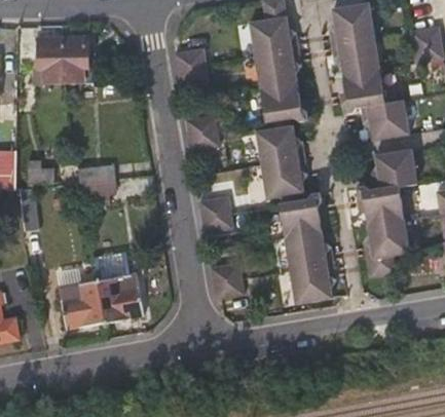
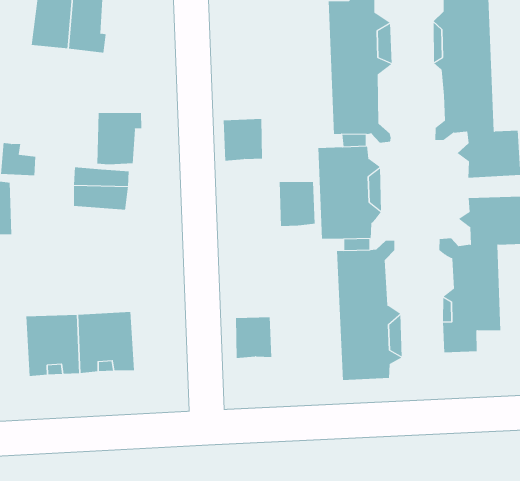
building: [174,47,207,82] -> none
building: none -> [97,112,142,165]
building: [201,196,232,232] -> [279,181,316,226]

